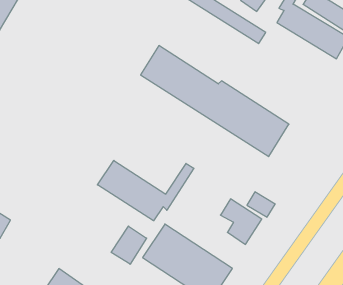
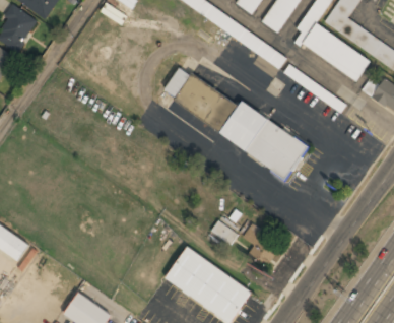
building: [97,160,194,221] -> none
building: [247,192,275,217] -> [209,220,238,246]
building: [111,226,147,264] -> none

